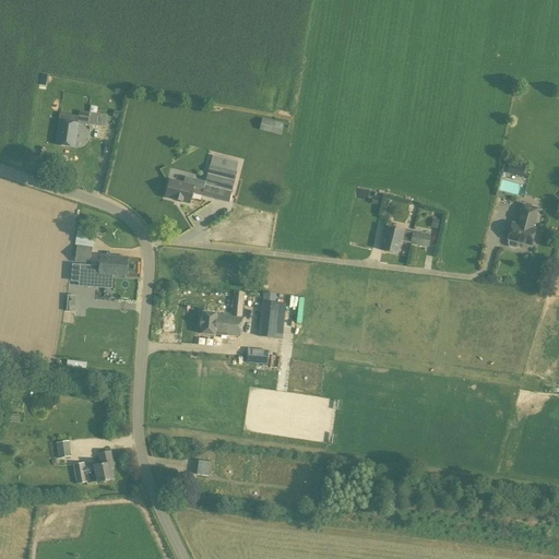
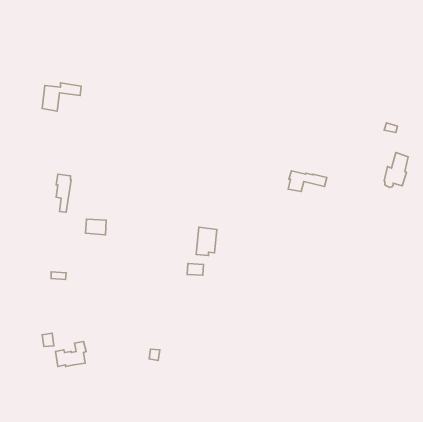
building: [164,163,237,203] -> none
building: [99,254,127,275] -> [86,219,106,235]
building: [194,289,243,335] -> none

